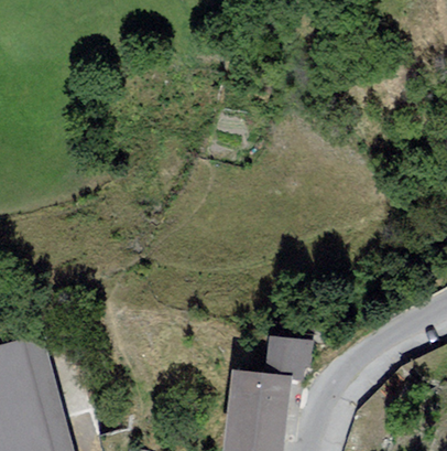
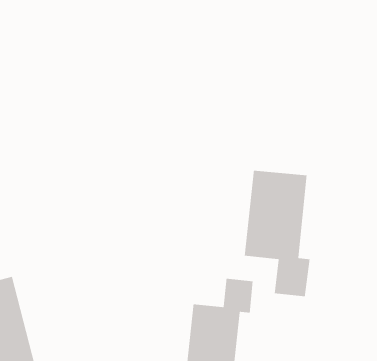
building: none -> [244,170,310,297]

